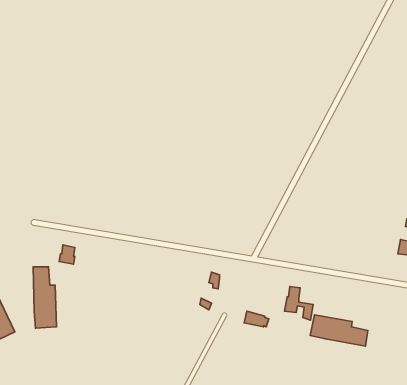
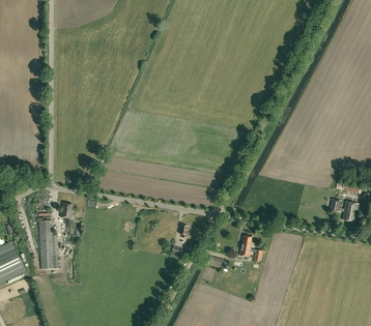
building: [310,315,368,346] -> none

